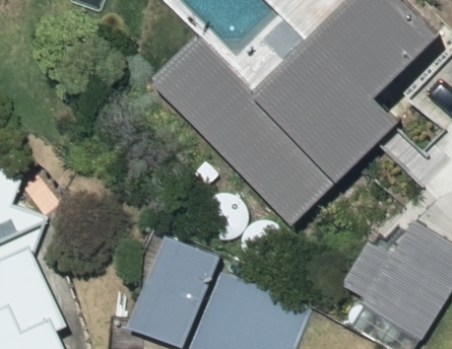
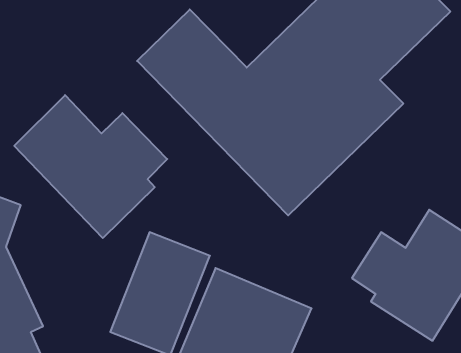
building: none -> [14,95,167,238]

